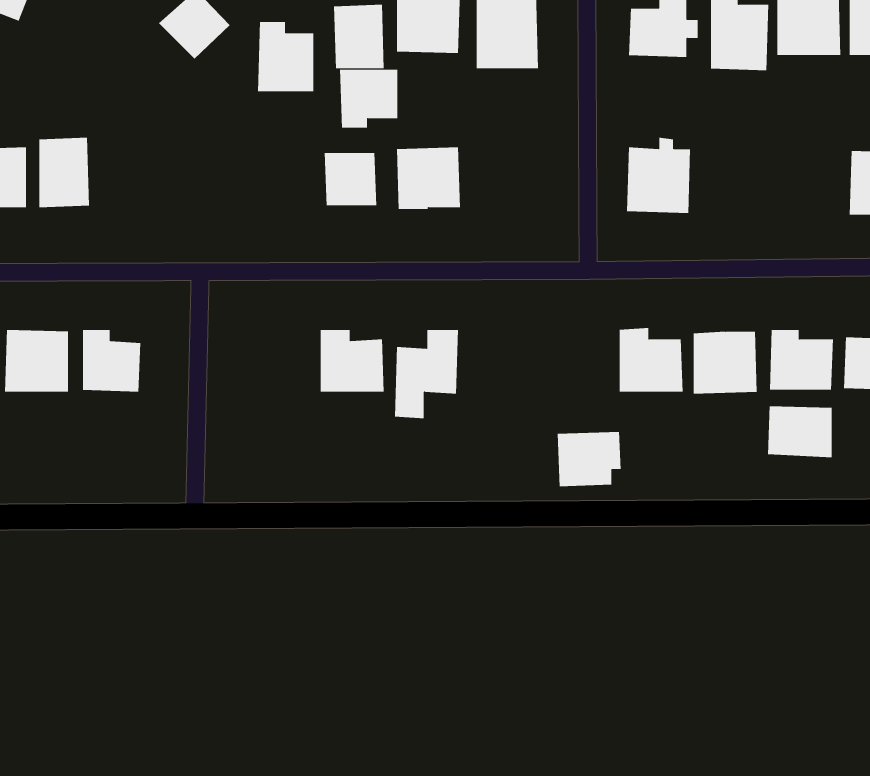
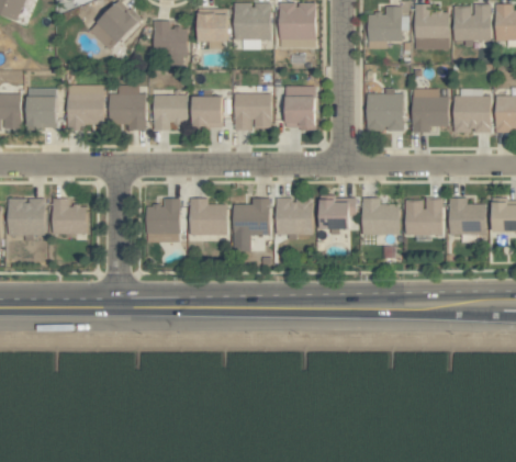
building: [339,69,398,128] -> [154,95,188,129]
building: none -> [67,86,104,131]
building: none -> [109,86,146,128]
building: none -> [285,86,316,127]
building: none -> [413,88,449,133]
building: none -> [453,95,491,133]
building: none -> [276,198,313,235]
building: none -> [146,199,180,243]
building: [768,405,832,458] -> none
building: [557,432,622,487] -> [319,198,357,229]

